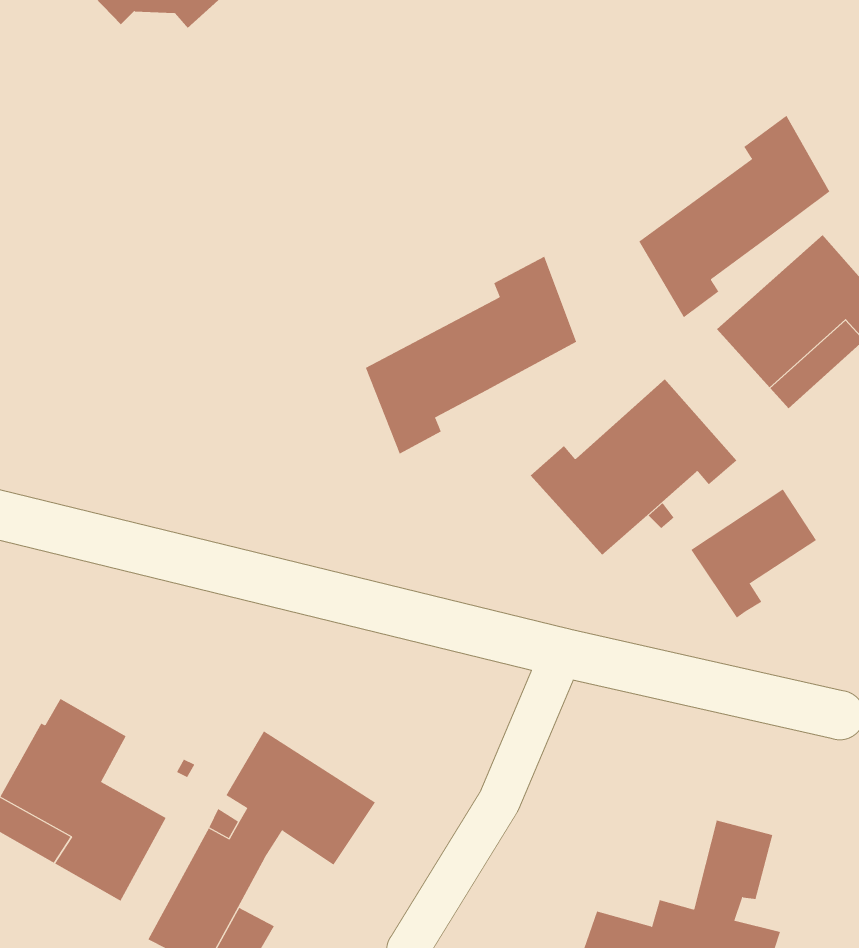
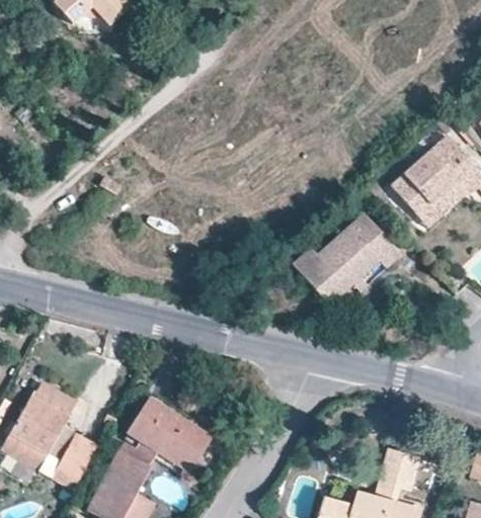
building: [639,115,830,318] -> none
building: [365,256,577,454] -> none
building: [691,489,817,618] -> none

